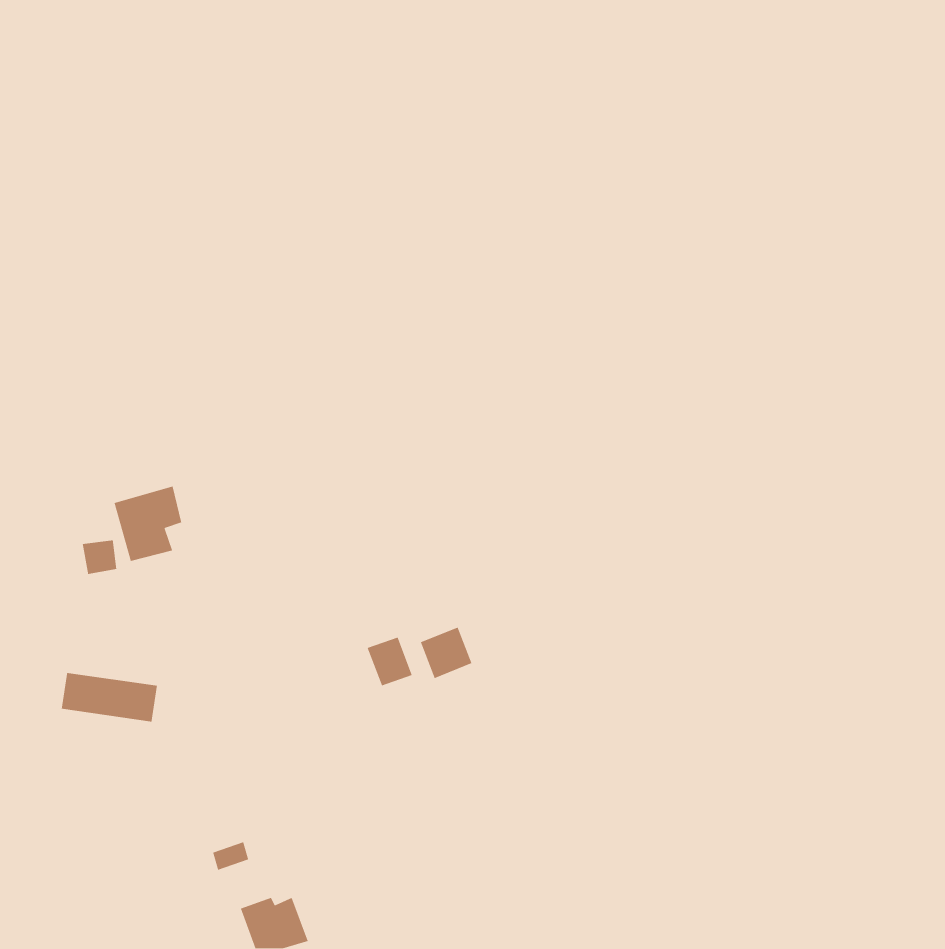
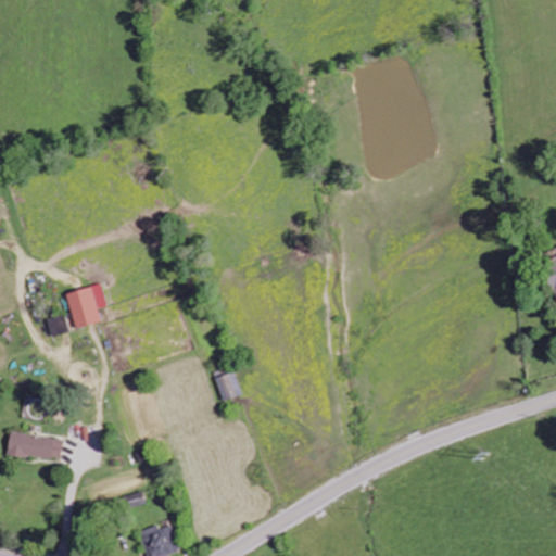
building: [420,626,472,679] -> none
building: [61,672,158,722] -> [7,432,63,462]

